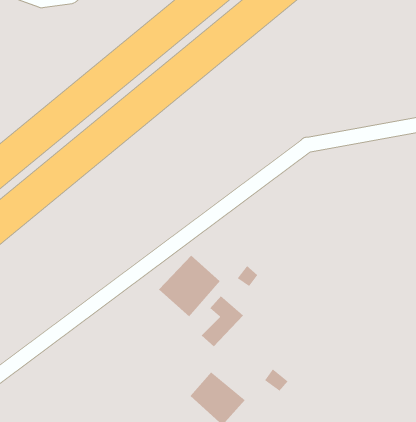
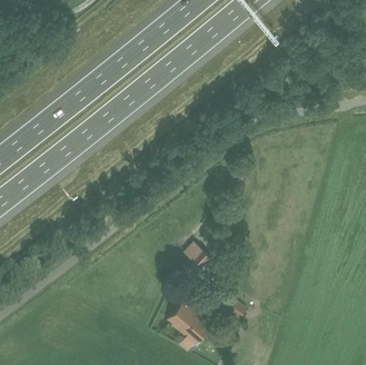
building: [158,255,220,317] -> none

